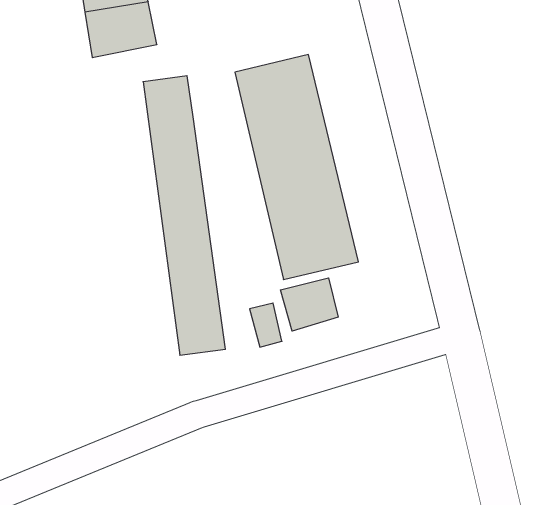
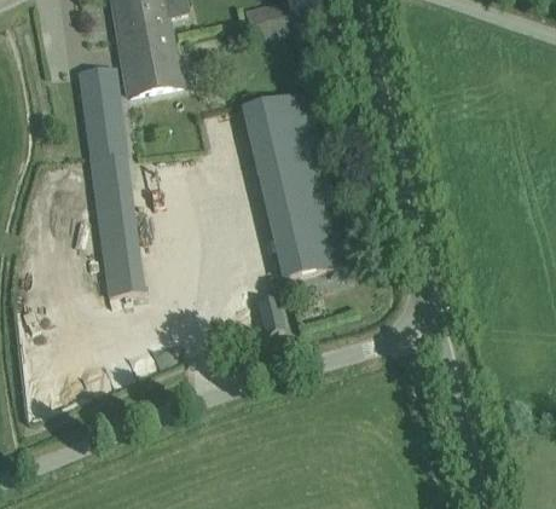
building: [143,76,225,355] -> [77,64,145,294]
building: [280,278,338,331] -> none

